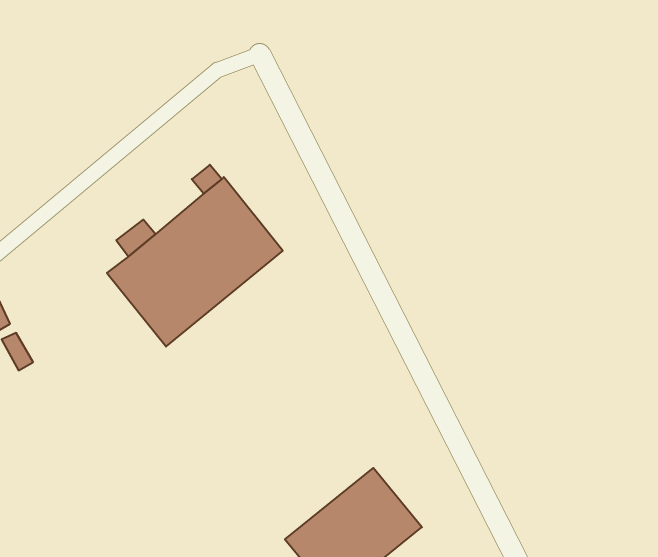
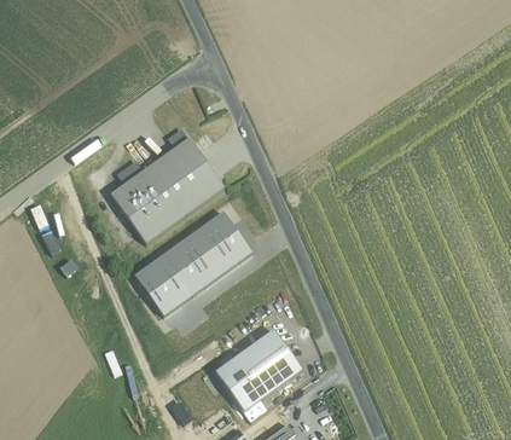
building: none -> [132,212,251,312]

